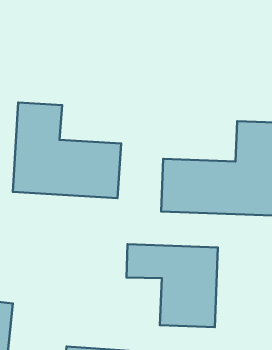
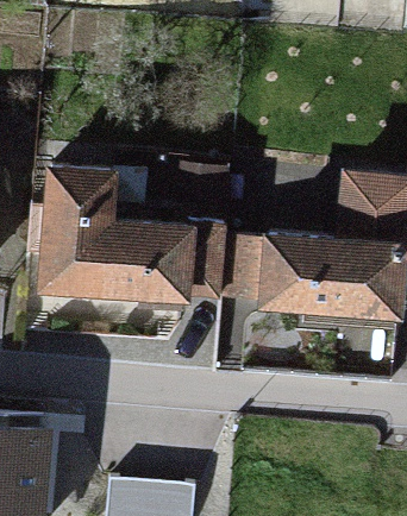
building: [126,244,218,327] -> none

